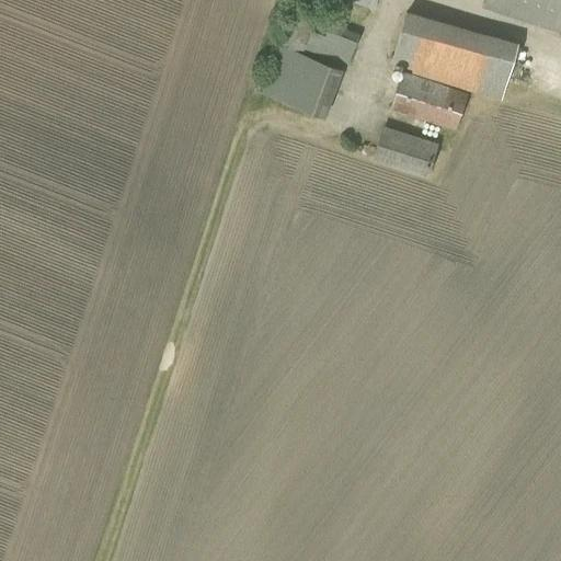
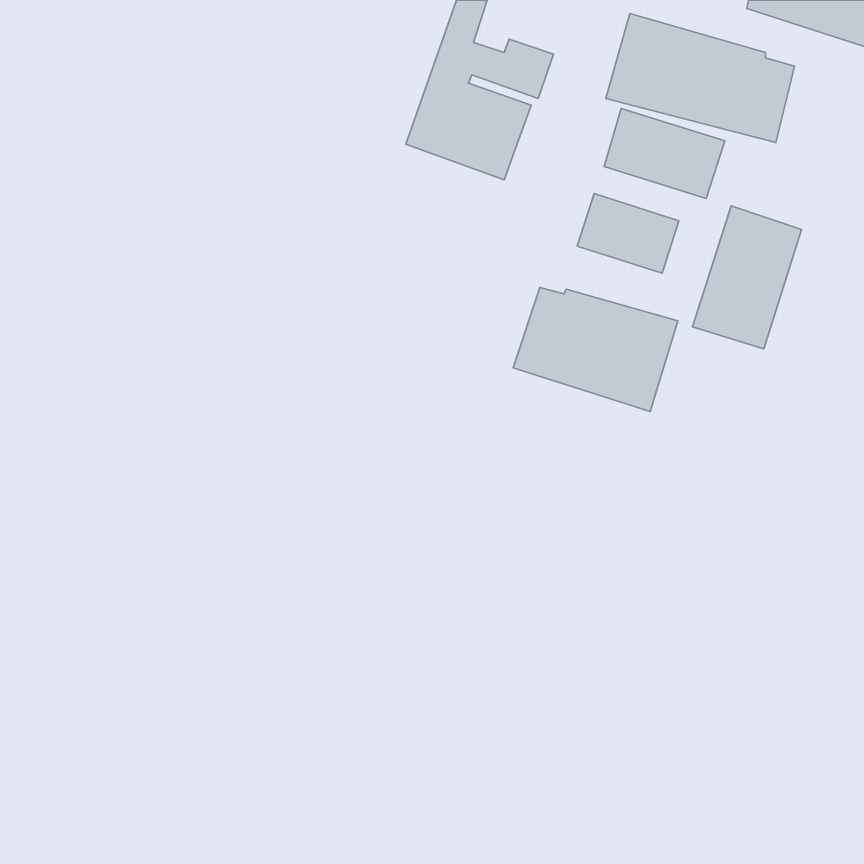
building: none -> [693,206,801,349]
building: none -> [513,287,678,412]

